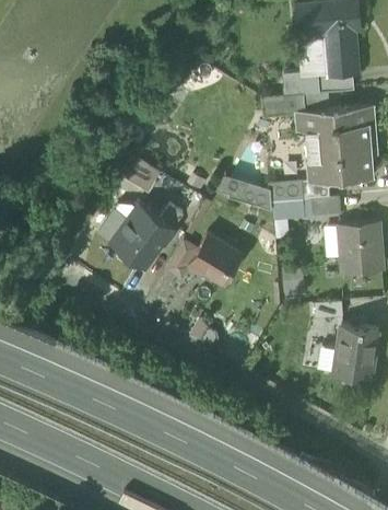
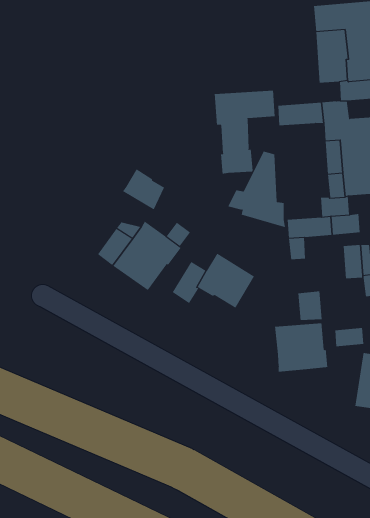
building: none -> [214,90,275,175]
building: [269,183,304,204] -> none
building: none -> [274,323,328,372]

